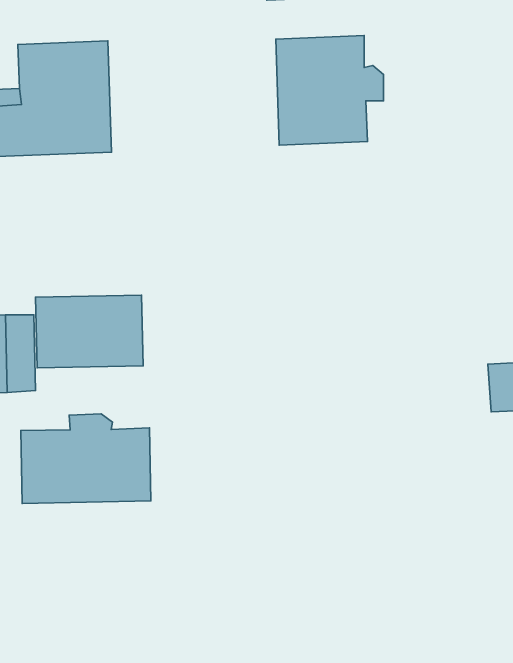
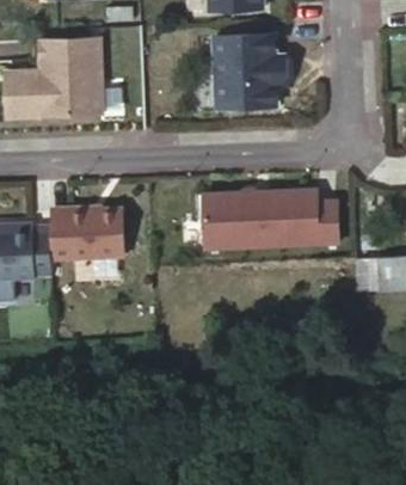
building: none -> [204,191,338,248]
building: [21,414,151,504] -> none

